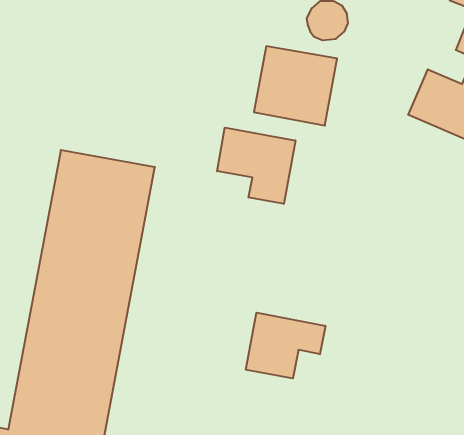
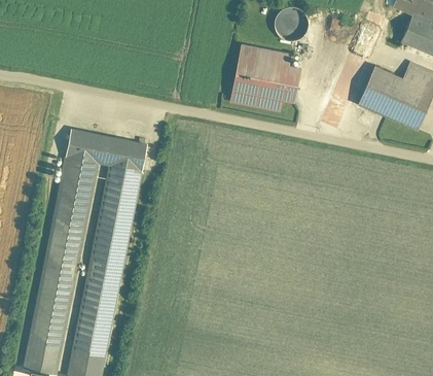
building: [217,128,295,204] -> none
building: [246,313,325,378] -> none

